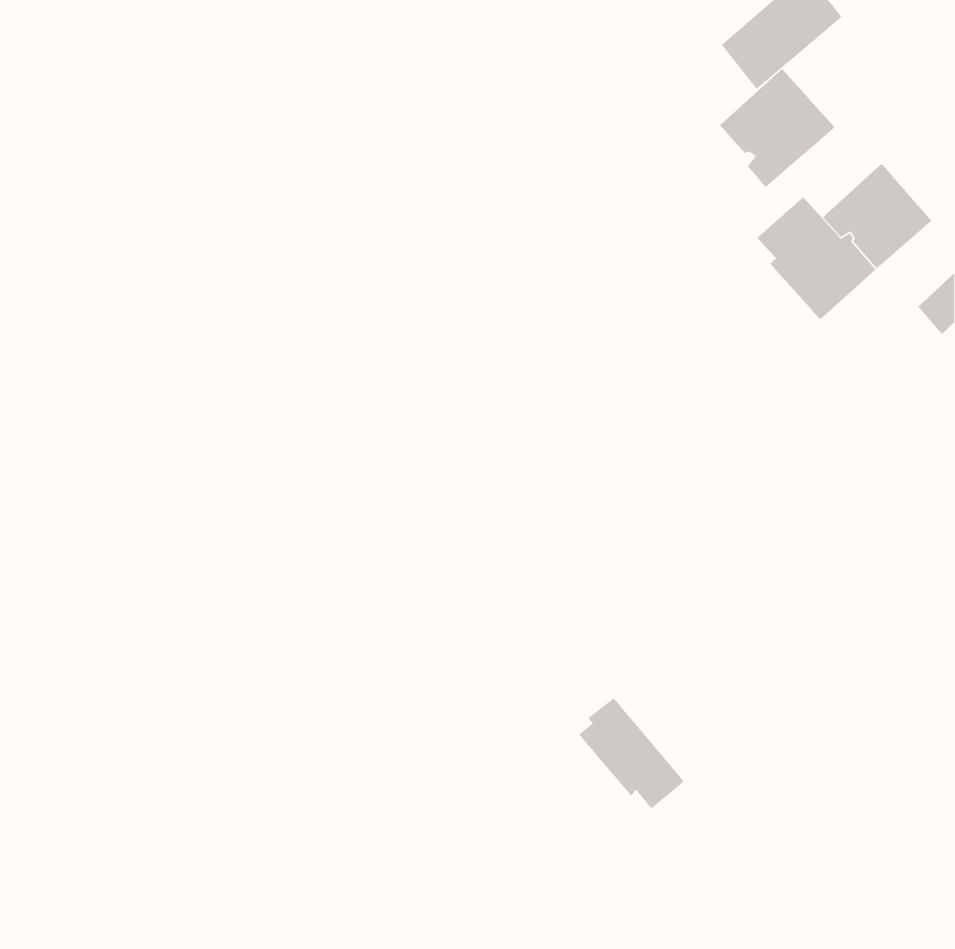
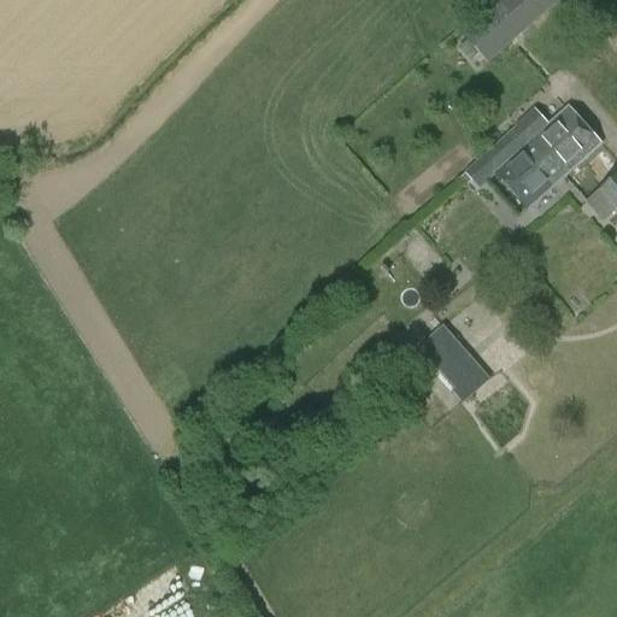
building: [719,68,835,188] -> none
building: [578,697,685,809] -> [421,323,489,395]

